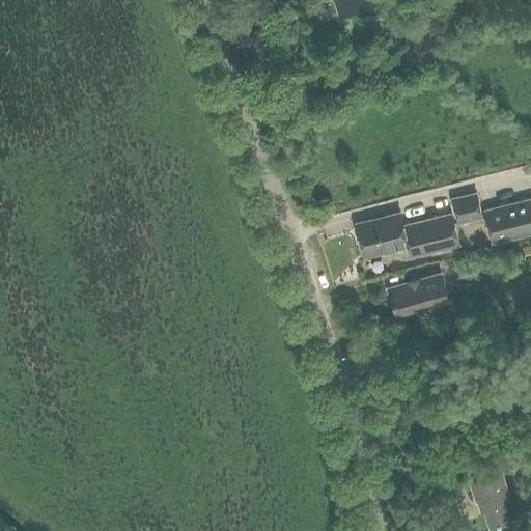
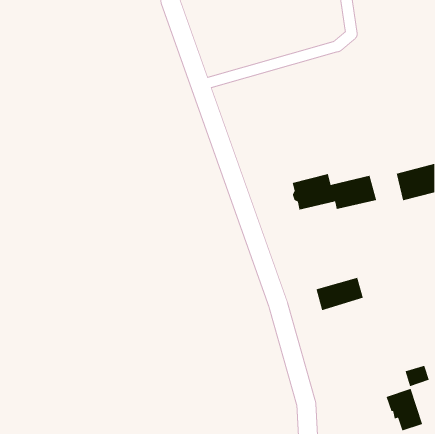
building: [451,194,483,226] -> none
building: [389,275,448,316] -> [315,277,364,311]

